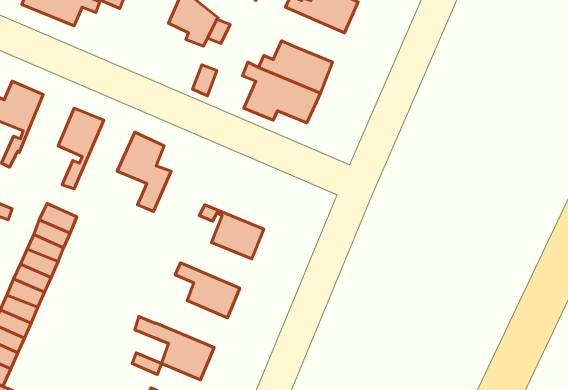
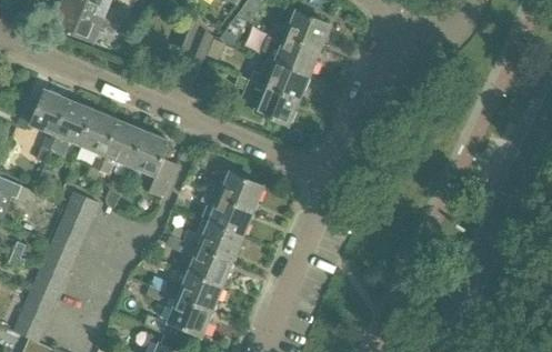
building: none -> [259,29,319,74]
building: none -> [50,101,96,154]
building: none -> [100,122,145,173]
building: none -> [203,172,263,212]
building: none -> [183,223,242,261]
building: none -> [163,271,222,310]

